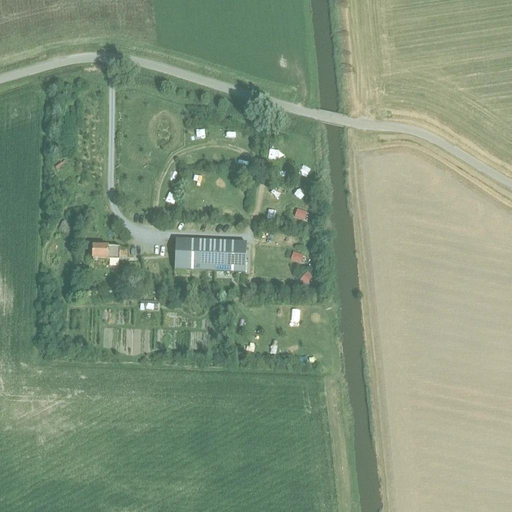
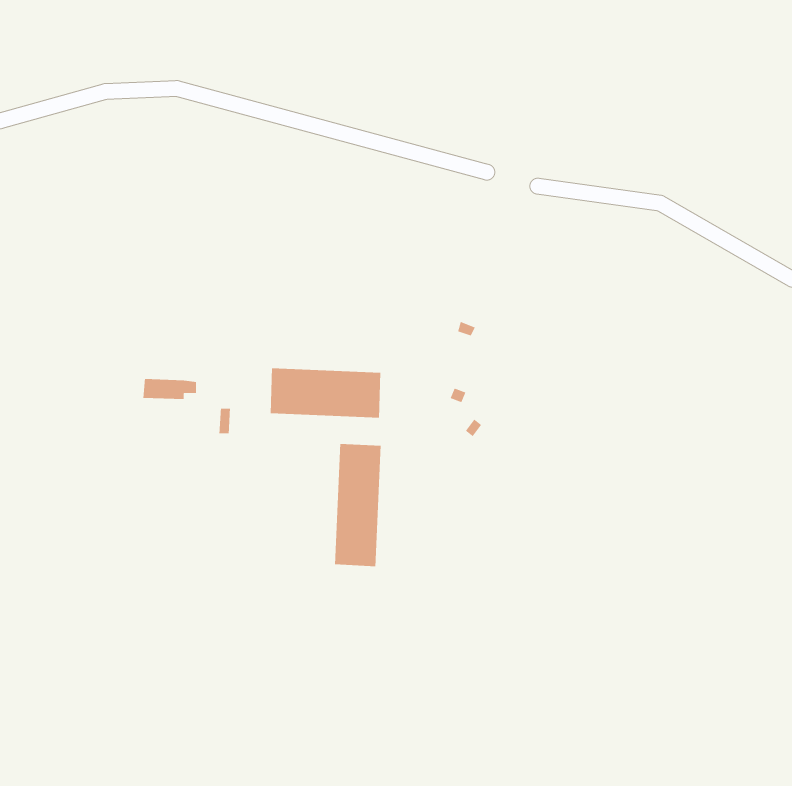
building: none -> [334,443,381,567]

